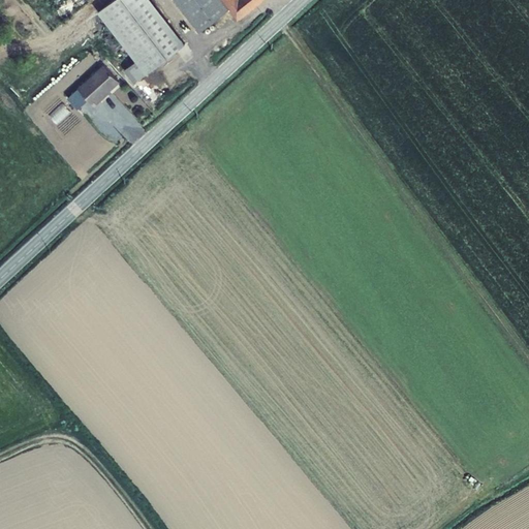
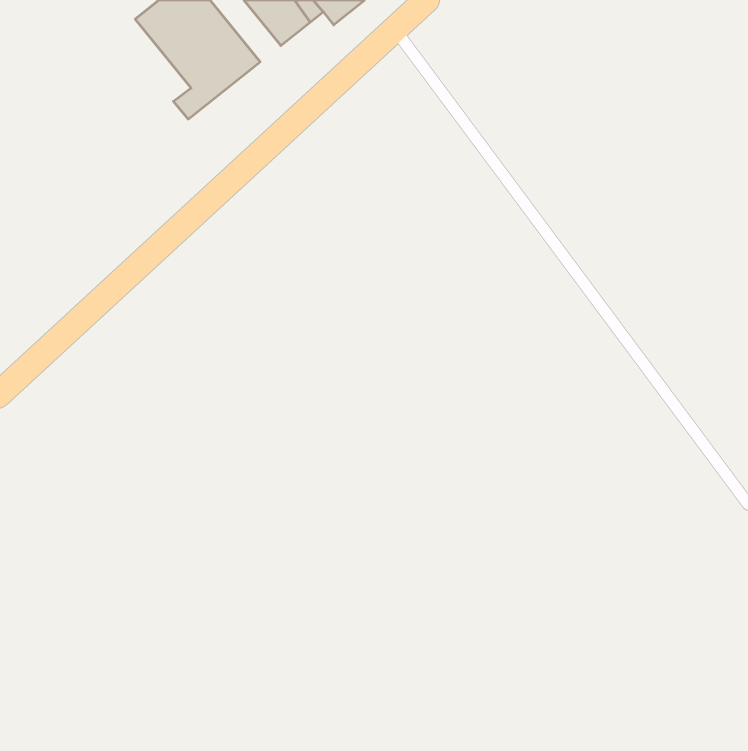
building: [77,67,118,106] -> none

